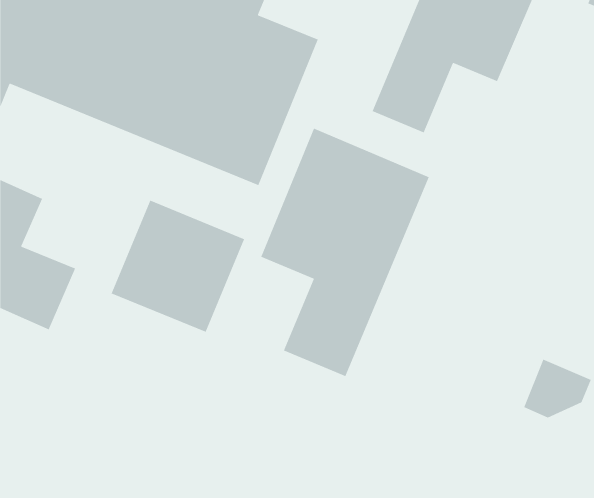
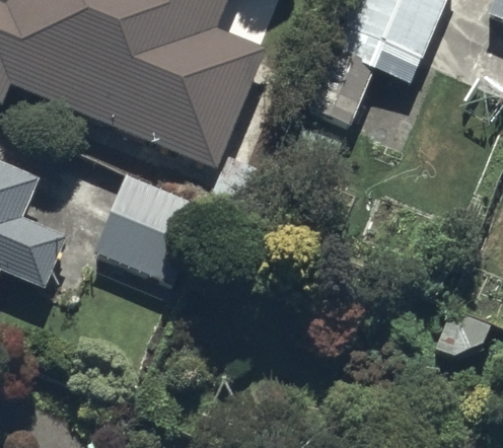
building: [260,127,430,377] -> none

